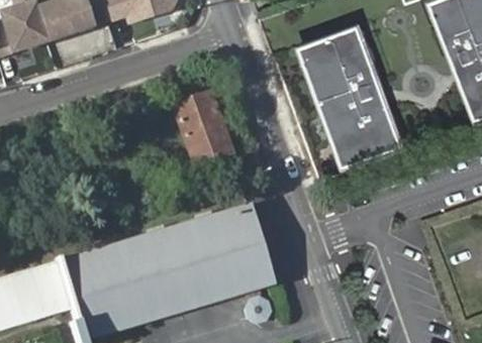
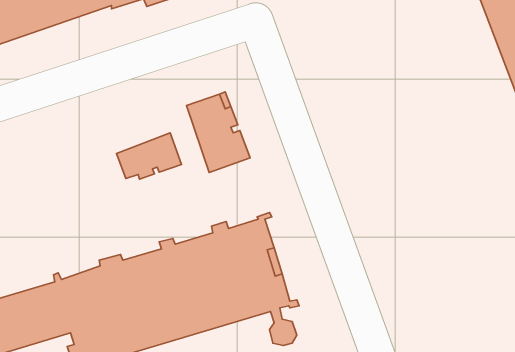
building: [298,27,402,170] -> none
building: none -> [116,133,182,179]

